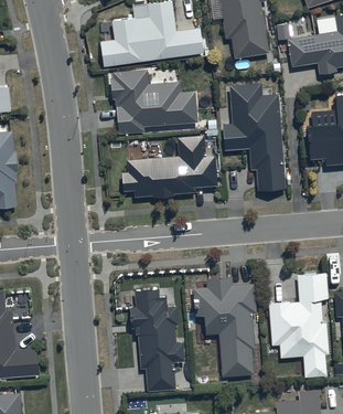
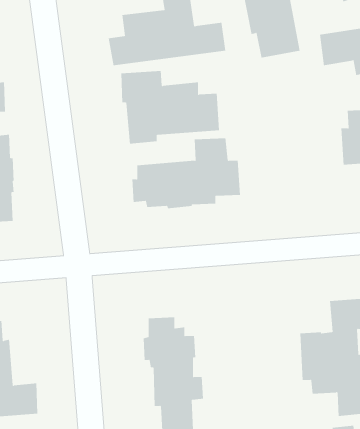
building: [222,84,286,191] -> none
building: [193,278,256,379] -> none

